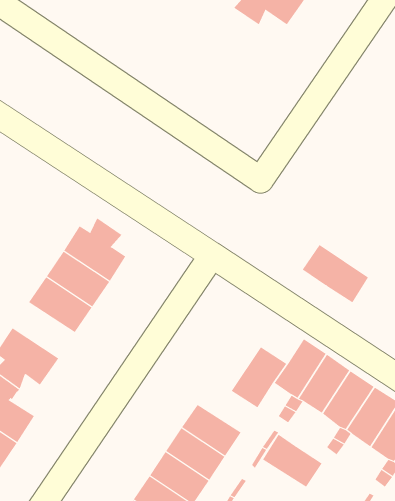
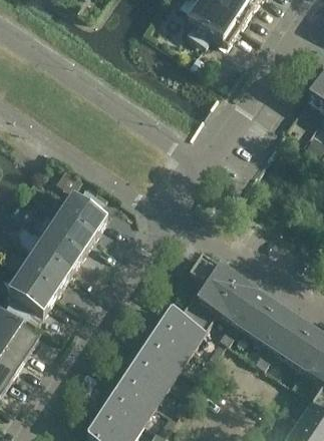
building: [302,244,369,303] -> [189,253,239,297]
building: none -> [21,251,68,293]
building: [262,434,322,488] -> [159,308,205,348]

